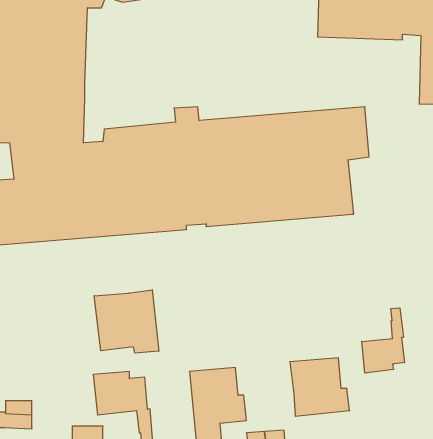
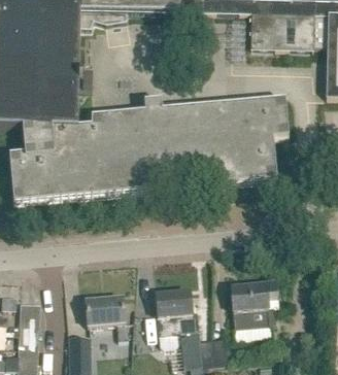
building: [94,290,159,353] -> none
building: [362,308,404,373] -> none

